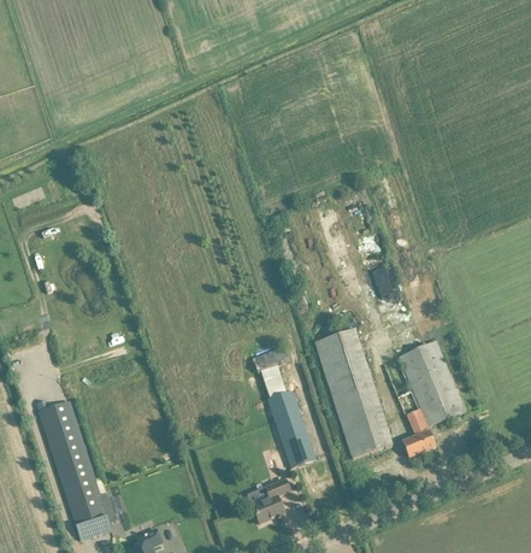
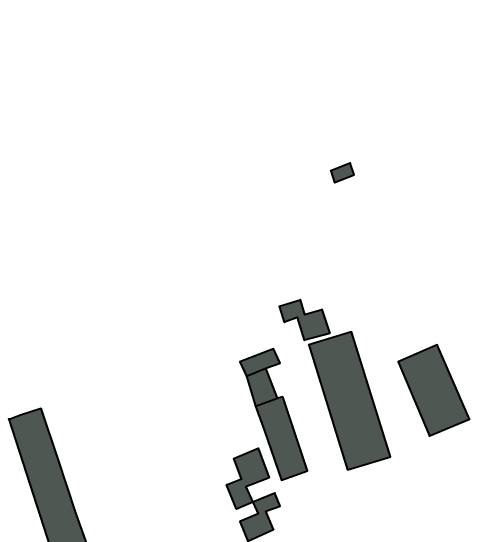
building: none -> [279,300,330,340]
building: [400,410,435,457] -> none
building: none -> [227,448,269,509]

